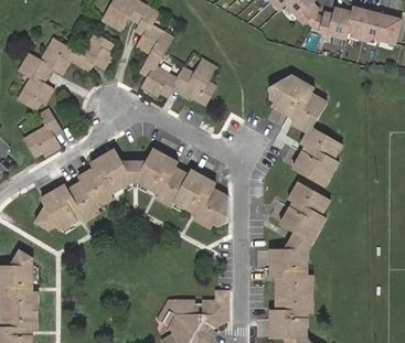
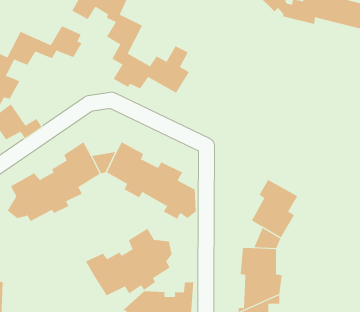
building: [270,78,343,192] -> none
building: none -> [85,228,172,296]

